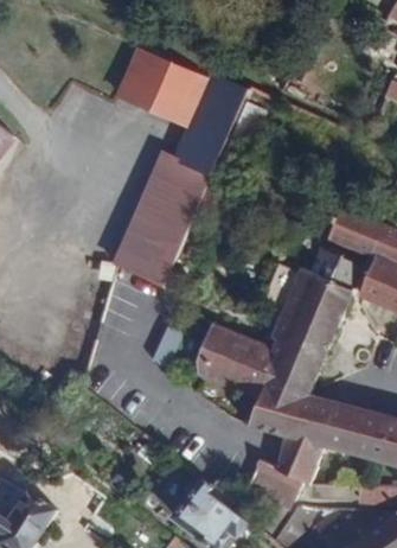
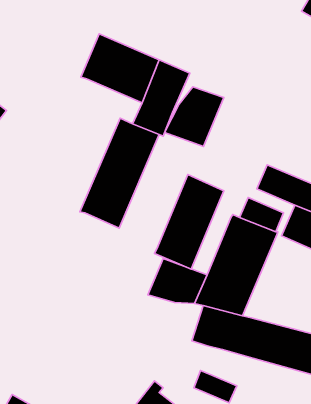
building: none -> [165,87,224,147]
building: none -> [154,174,224,269]
building: [273,437,324,485] -> none

